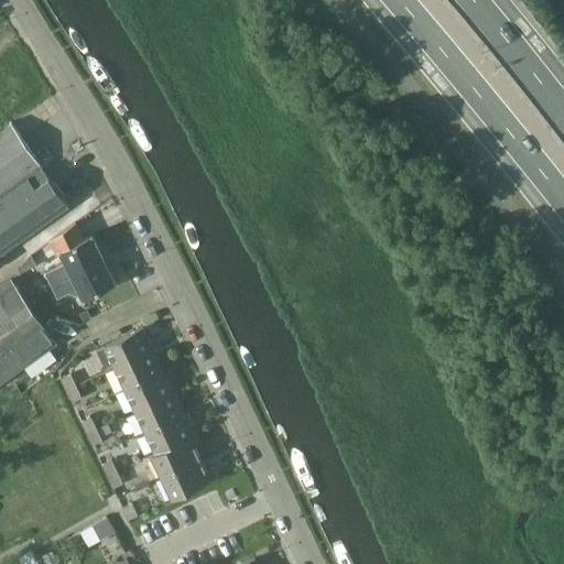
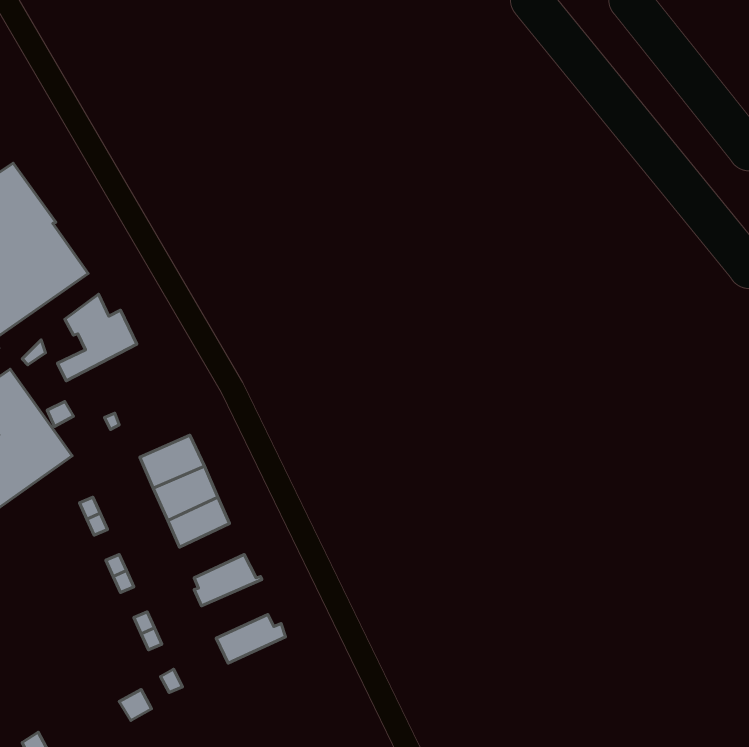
building: [50,261,116,303] -> none
building: [134,395,183,436] -> none
building: [151,437,200,481] -> none

